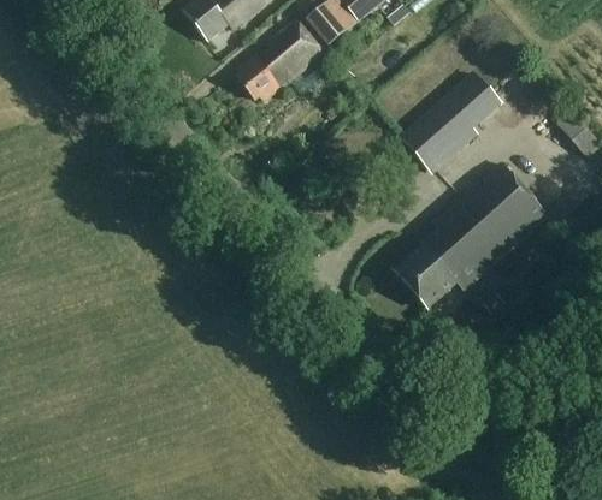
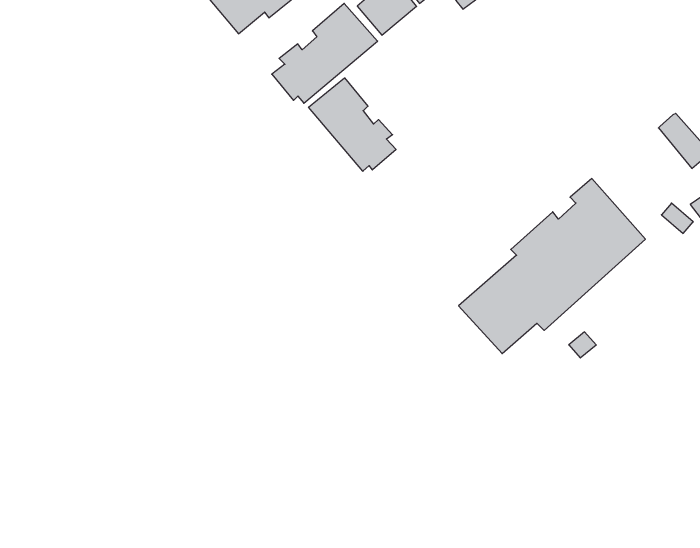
building: [402,72,502,172] -> none
building: none -> [309,78,396,171]

